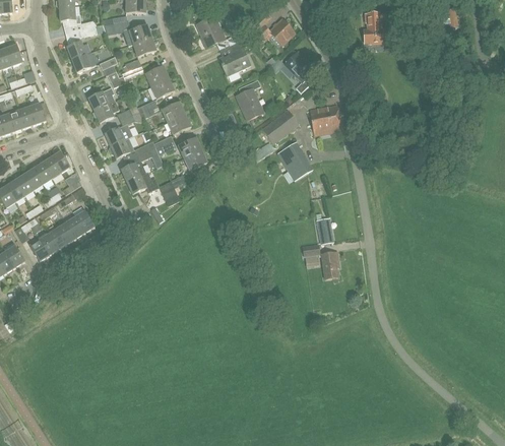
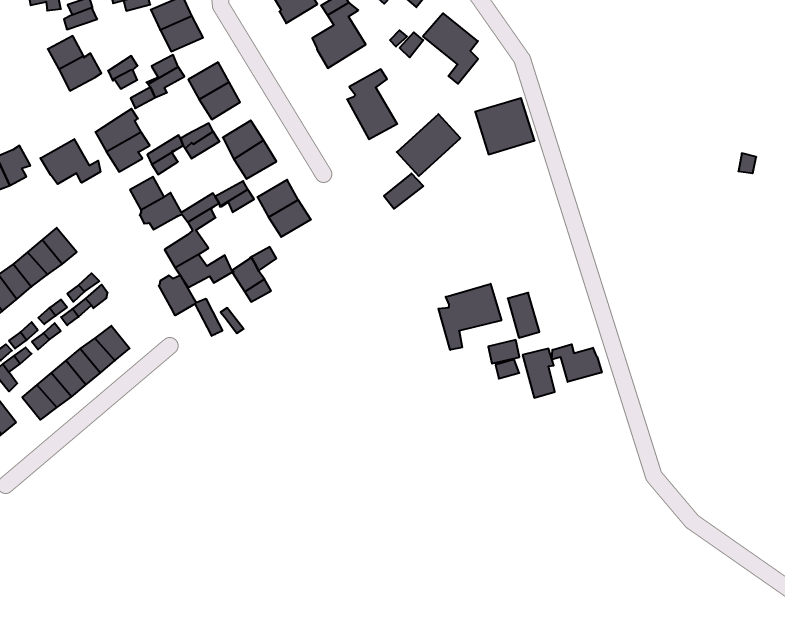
building: none -> [40,139,100,184]
building: [277,142,312,180] -> none
building: none -> [159,275,222,336]
building: none -> [438,284,501,350]
building: none -> [552,344,602,382]

